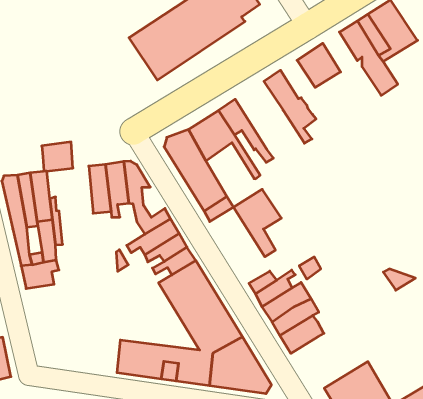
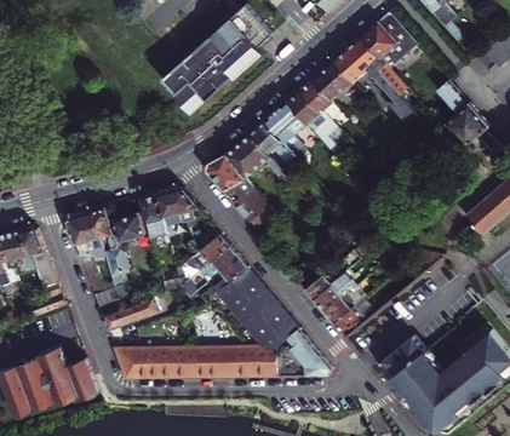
building: none -> [332,47,365,82]
building: none -> [298,78,338,119]
building: [42,142,73,171] -> [113,212,143,241]
building: [234,189,281,257] -> [262,101,305,160]
building: none -> [101,296,160,329]
building: none -> [113,348,191,377]

